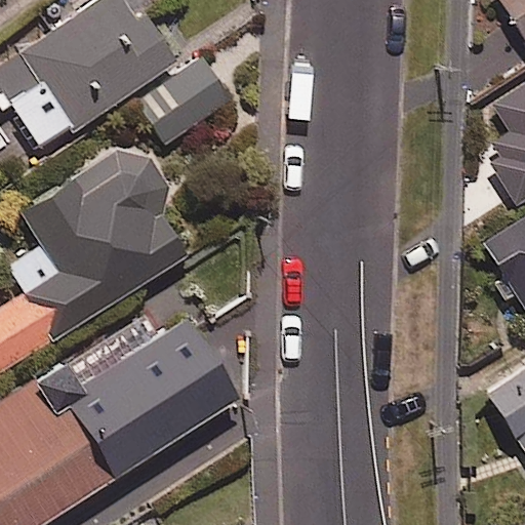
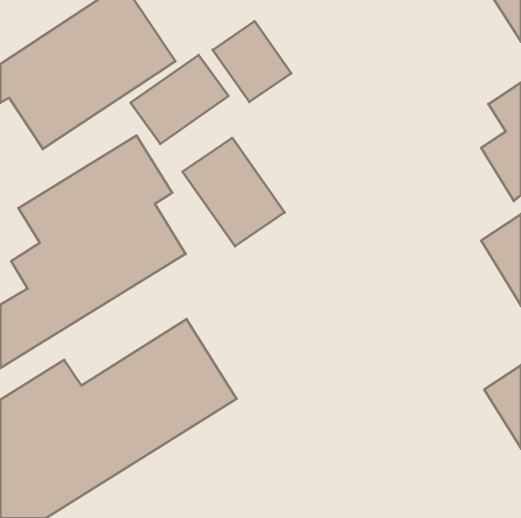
building: none -> [213,21,291,102]
building: none -> [183,138,285,246]

